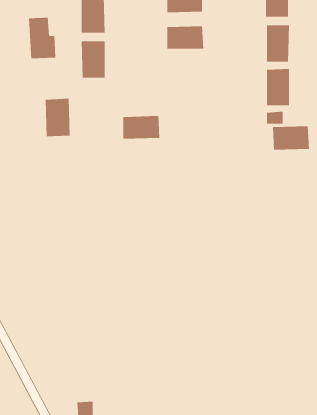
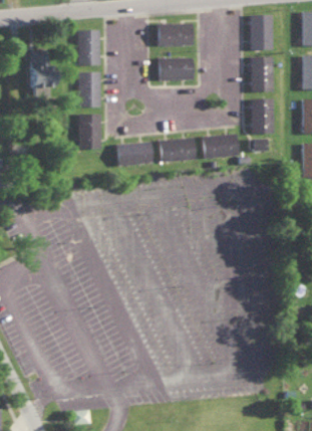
building: [45,98,71,137] -> [77,114,101,150]
building: none -> [159,137,195,163]
building: [272,126,310,150] -> [202,135,237,158]

